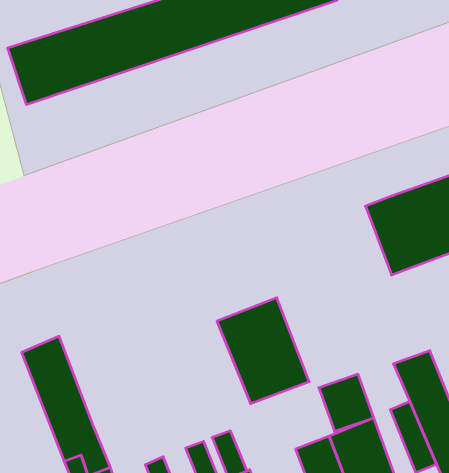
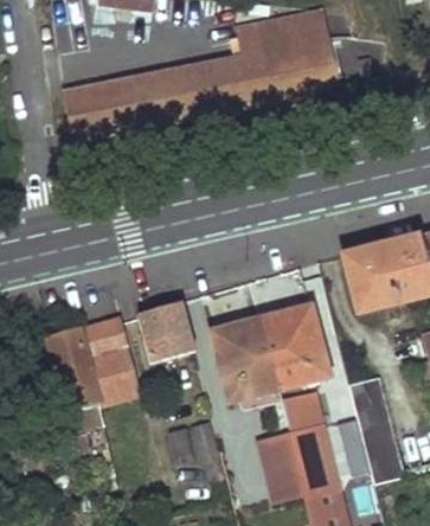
building: none -> [258,306,327,390]
building: none -> [136,301,193,363]
building: none -> [78,317,140,405]

